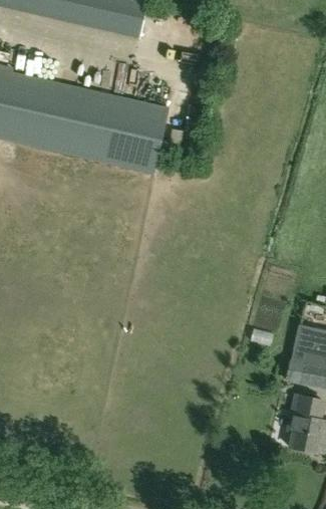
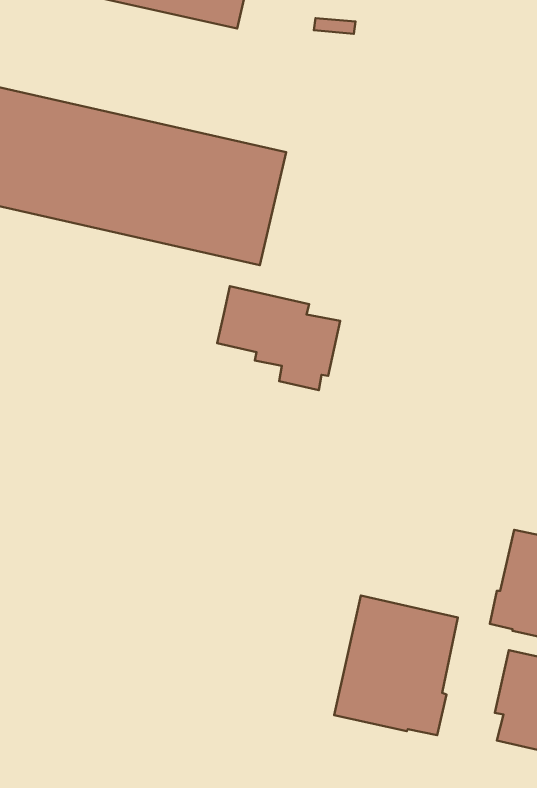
building: none -> [217,286,340,390]
building: none -> [334,595,458,735]

